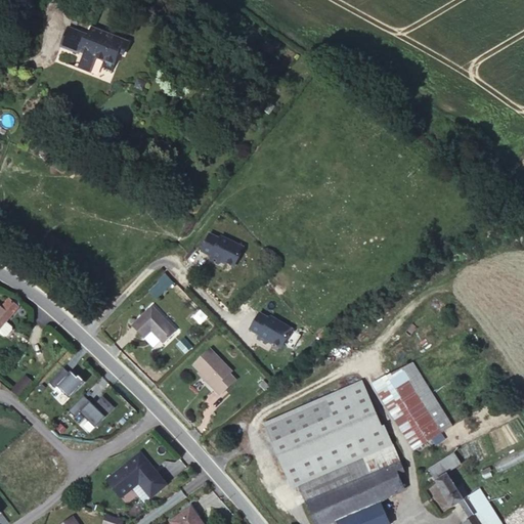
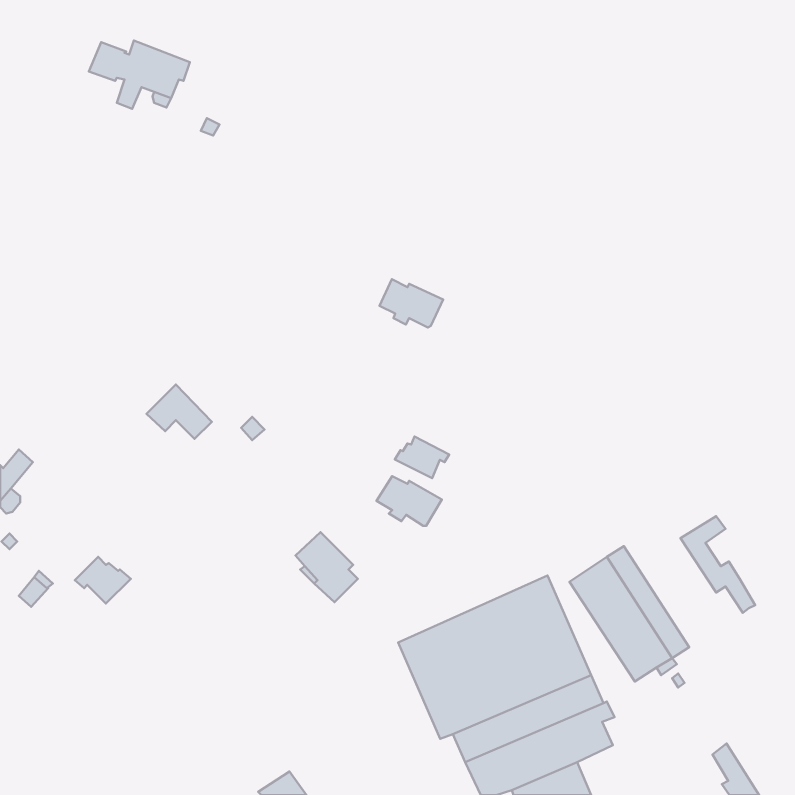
building: [200,234,242,266] -> [379,279,443,328]
building: none -> [395,437,449,478]
building: [132,307,175,343] -> [146,384,212,439]
building: [70,394,116,427] -> none
building: [106,454,166,500] -> none
building: [430,455,479,519] -> [681,516,755,613]

